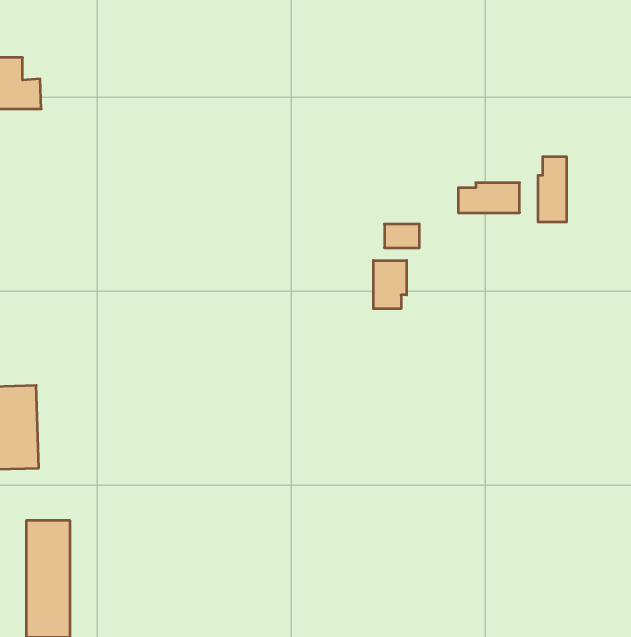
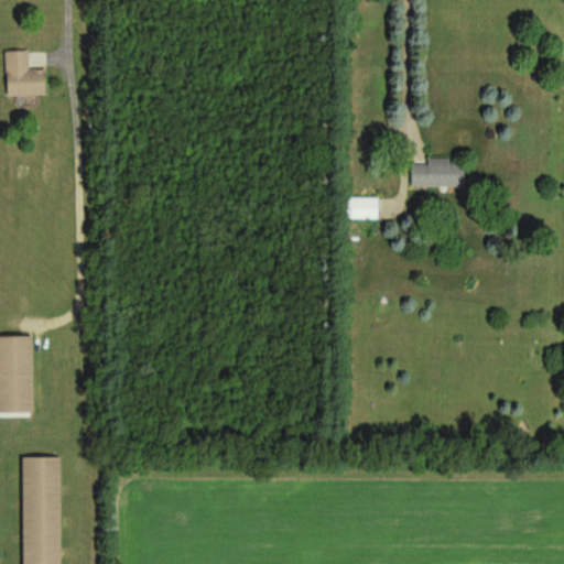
building: [538,157,566,222] -> none
building: [373,260,407,309] -> none

